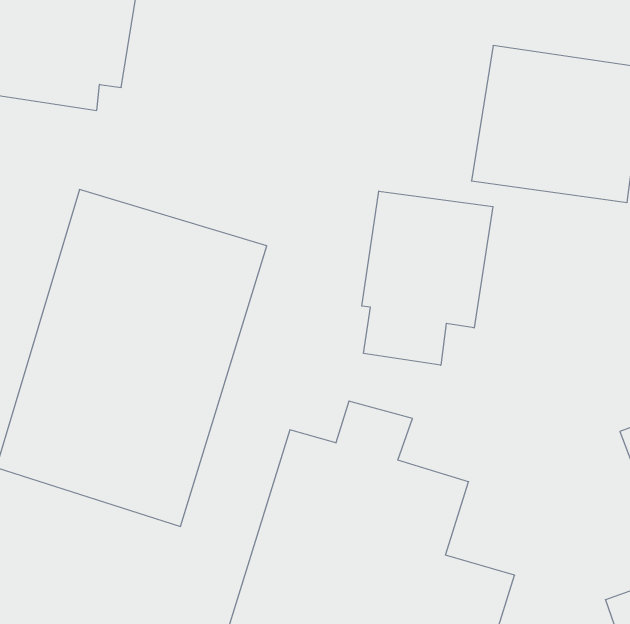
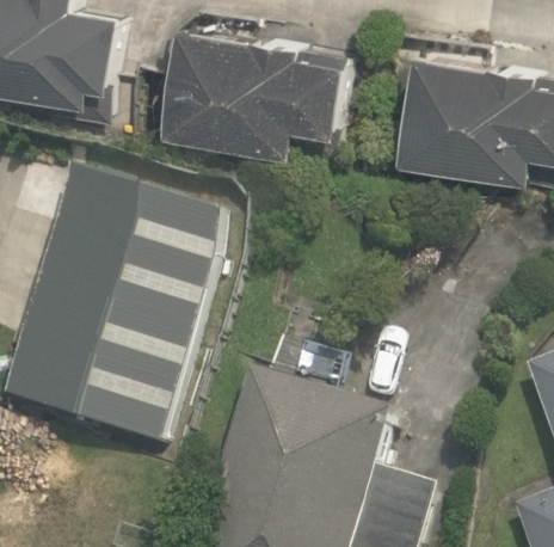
building: none -> [160,31,344,162]
building: [362,191,493,365] -> none

